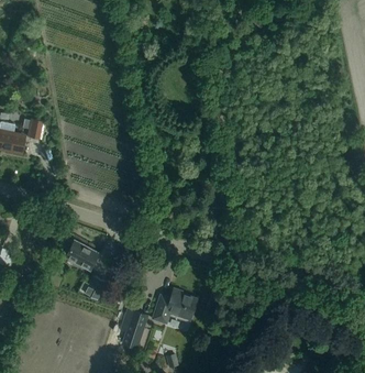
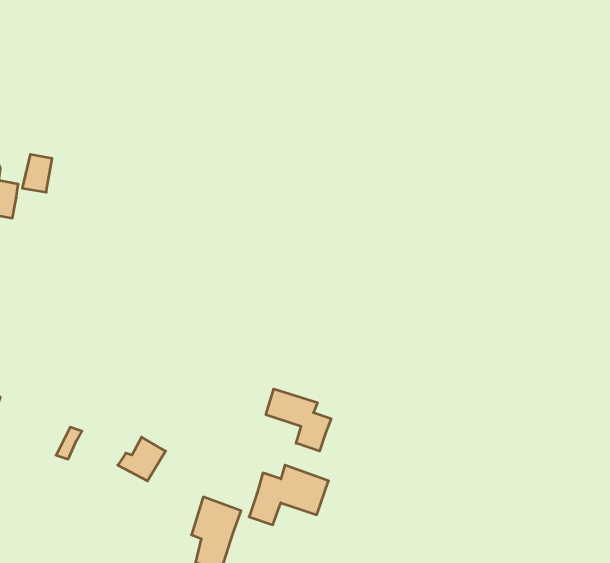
building: [60,243,100,271] -> none
building: none -> [266,389,331,451]

